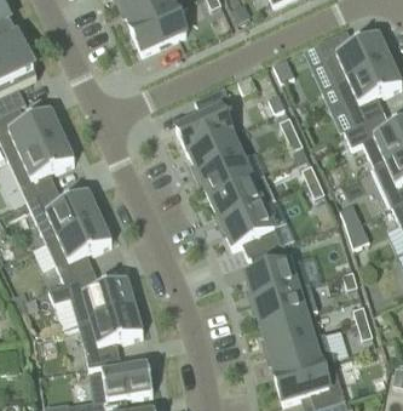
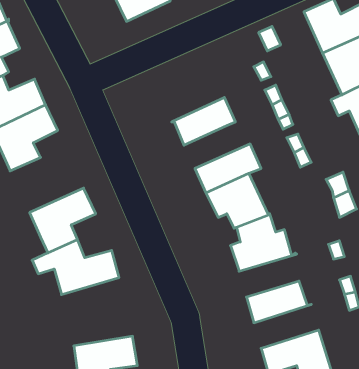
building: [175,85,238,150] -> none
building: [198,154,264,196] -> none
building: [27,185,99,240] -> none
building: [253,281,317,324] -> none
building: [77,304,143,365] -> none
building: [267,331,332,375] -> none

